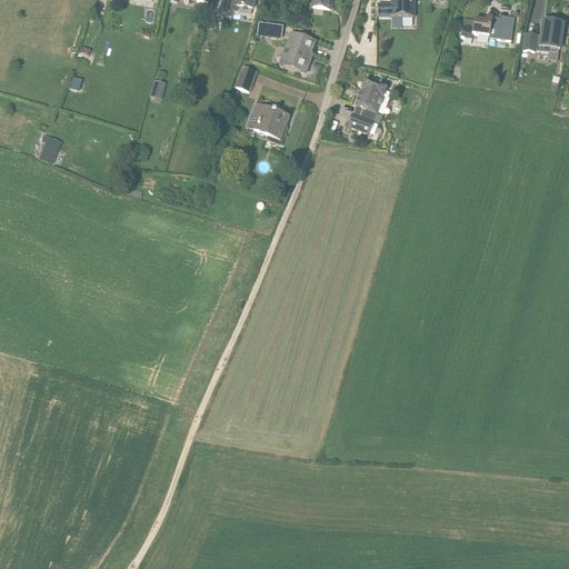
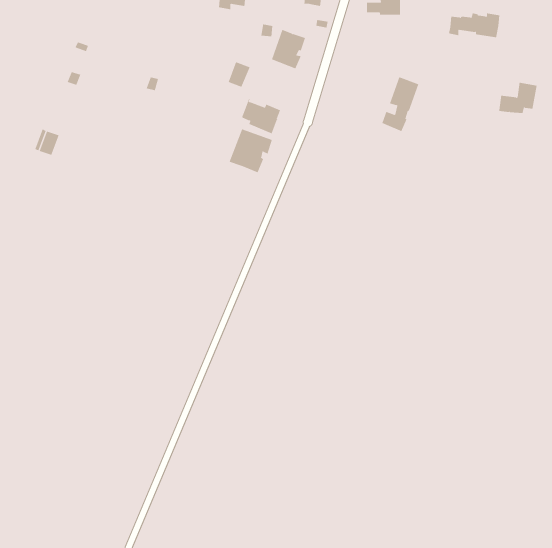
building: [522,18,562,50] -> [498,82,537,113]
building: [348,76,387,132] -> [381,77,419,132]
building: none -> [229,129,273,173]

